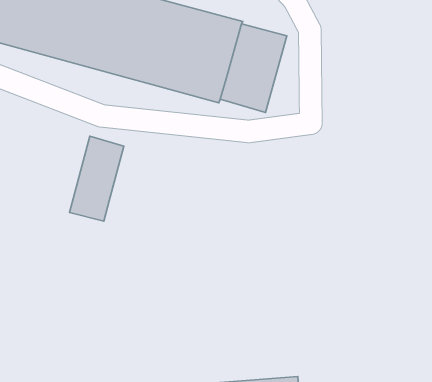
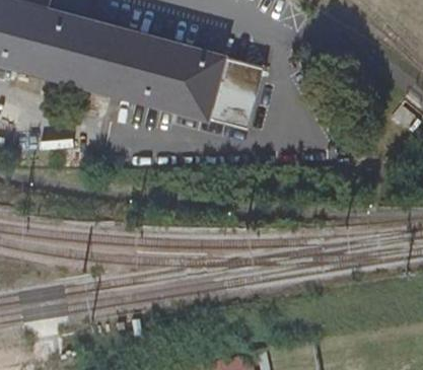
building: [69,136,124,221] -> none

